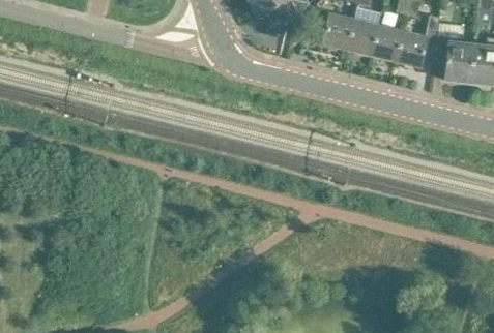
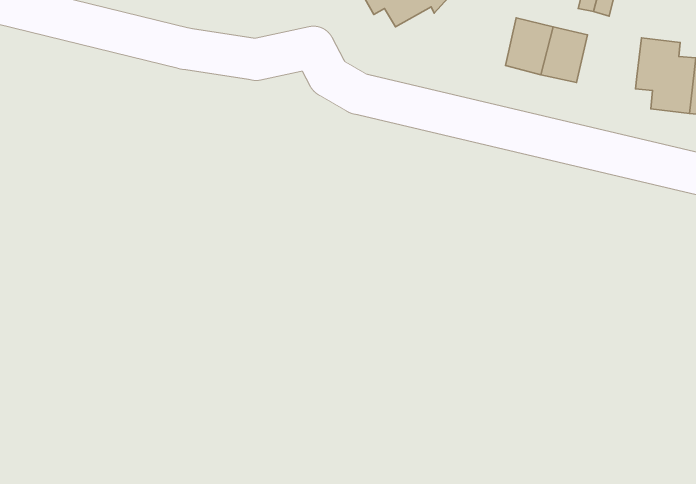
building: [322,11,354,50] -> none
building: [395,13,439,67] -> none

